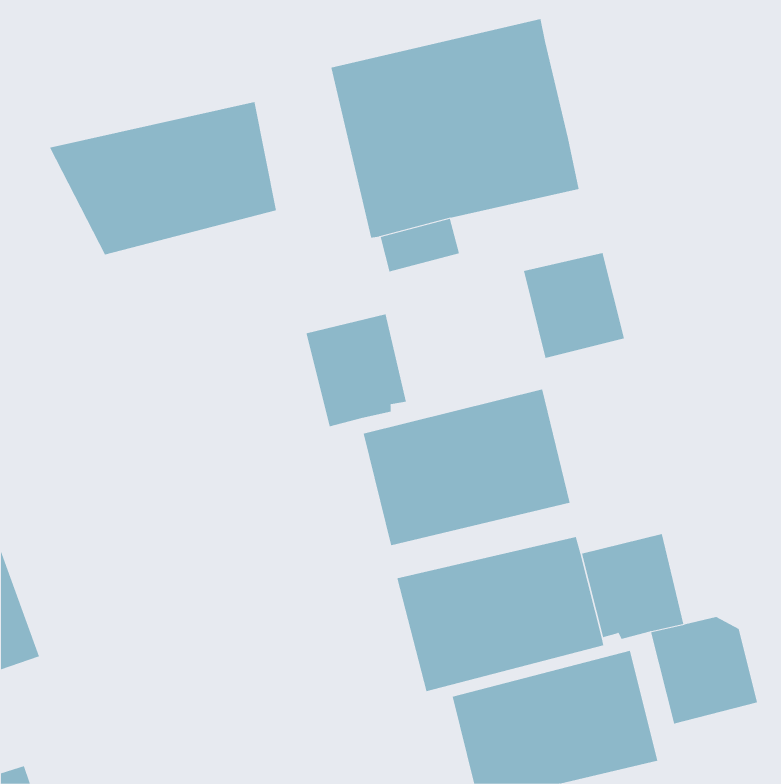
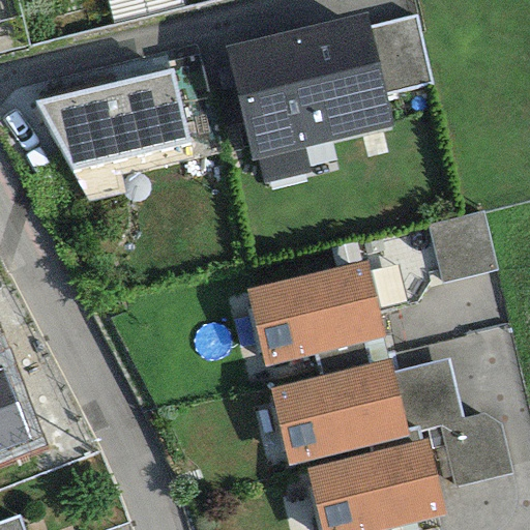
building: none -> [371,17,433,93]
building: [523,253,625,359] -> [430,212,498,284]
building: [306,313,407,427] -> none

